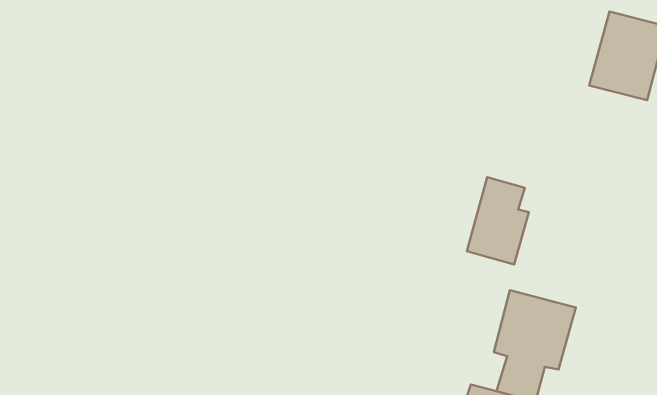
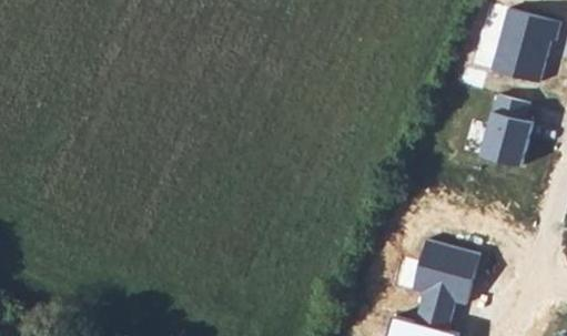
building: [467,177,529,265] -> [480,95,531,167]

